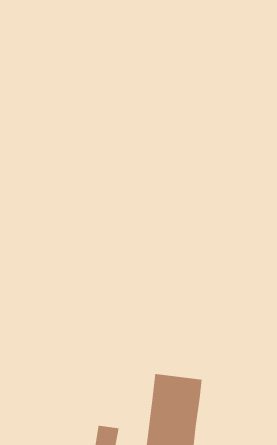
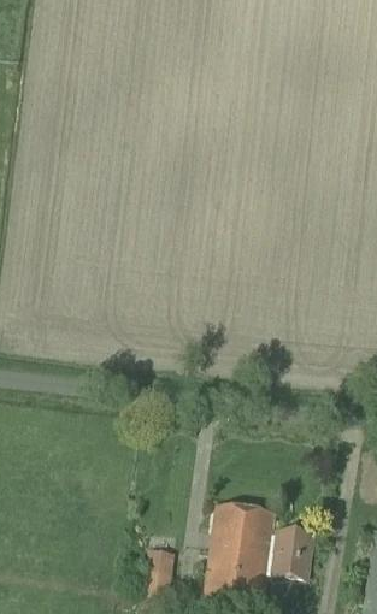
building: none -> [269,529,316,577]

